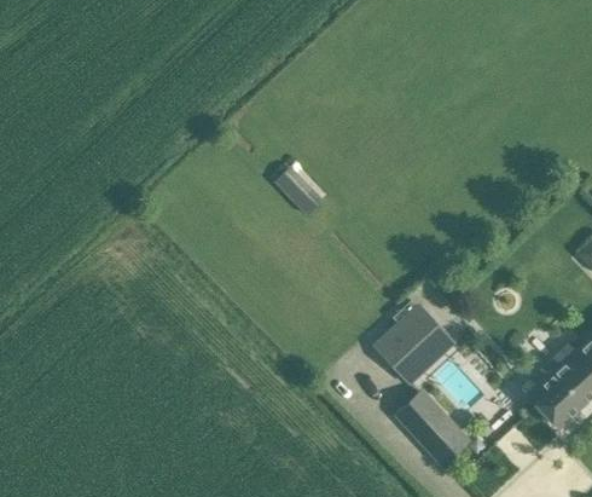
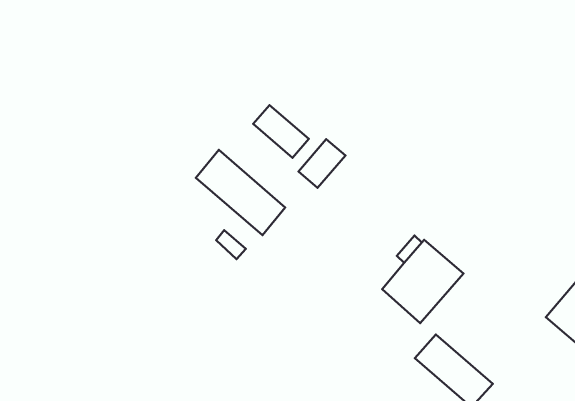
building: none -> [196,150,285,235]
building: none -> [299,139,345,188]

